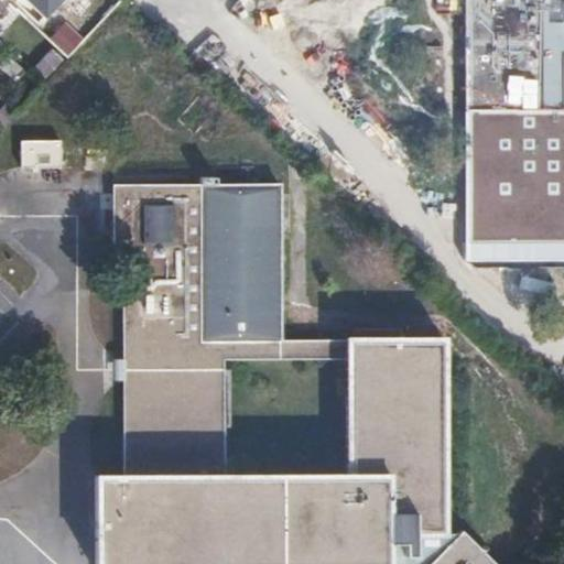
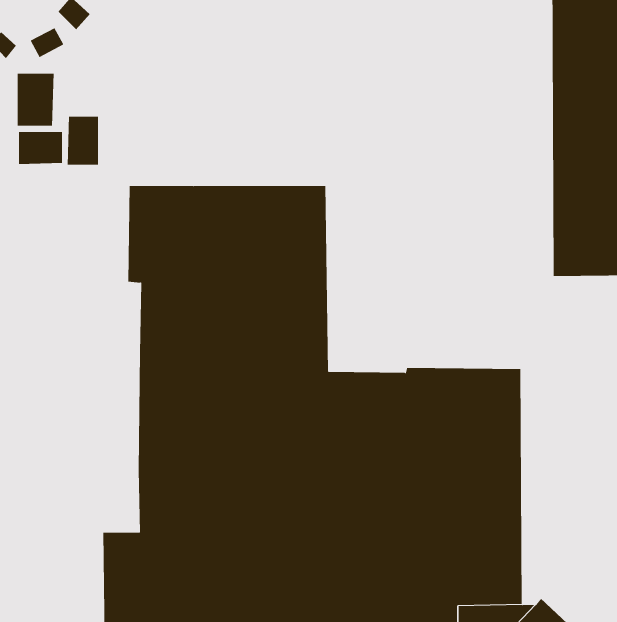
building: none -> [17,73,54,126]
building: none -> [67,116,98,165]

